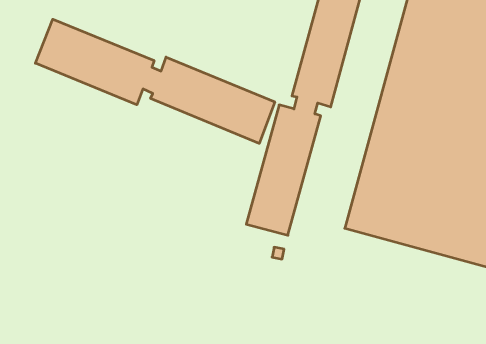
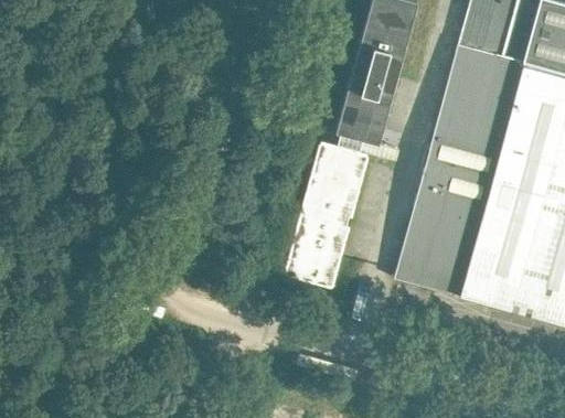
building: [35,19,275,143] -> none

